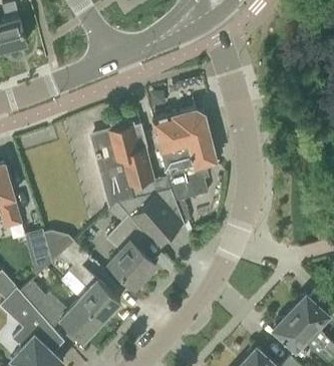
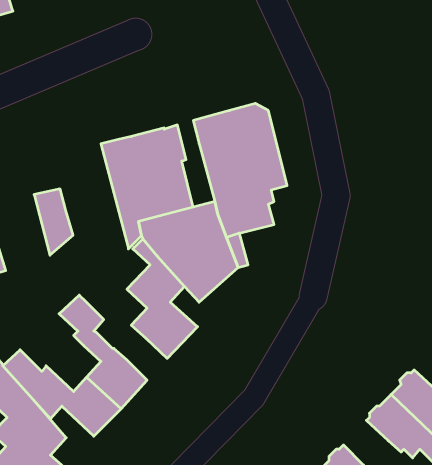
building: [25,231,52,277] -> [34,189,73,255]

